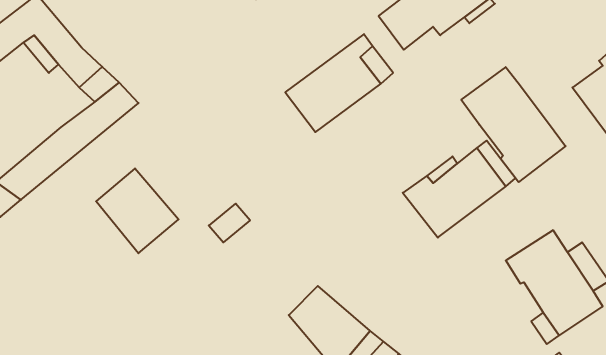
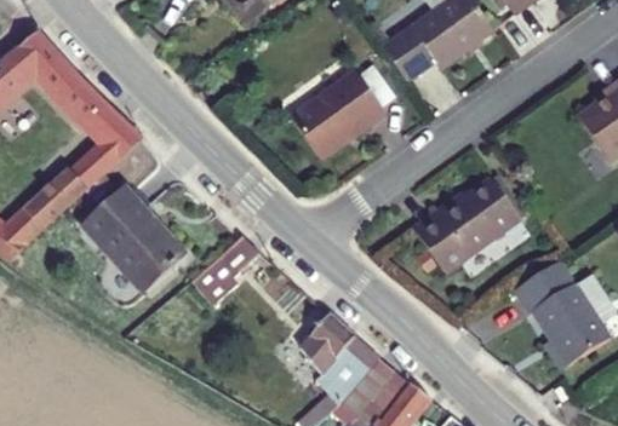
building: [461,67,566,182] -> none
building: none -> [84,180,139,232]

